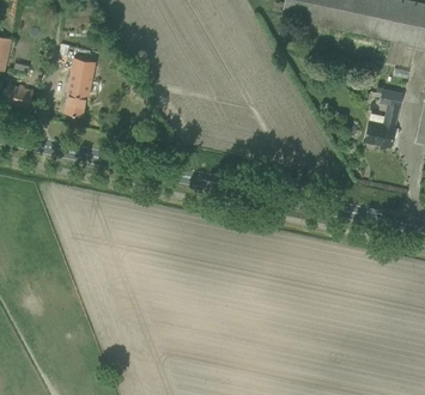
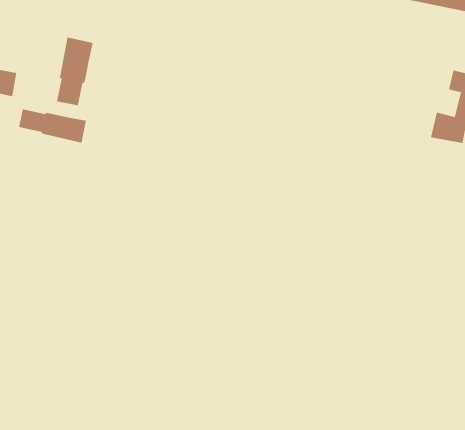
building: none -> [18,109,86,143]

